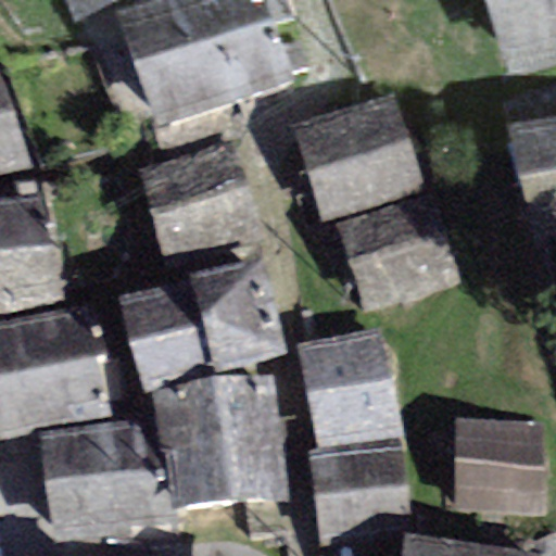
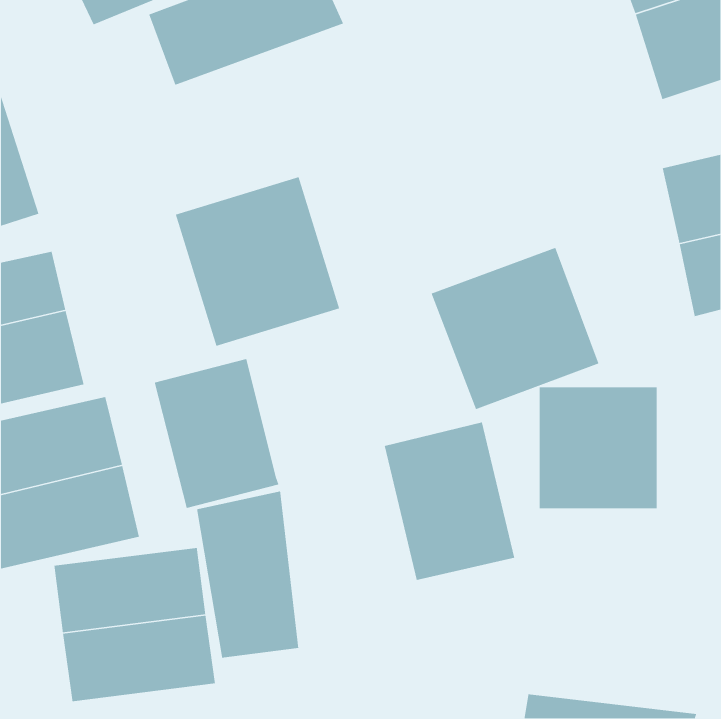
building: [135,18,289,131] -> none
building: [292,92,424,220] -> none
building: [190,260,285,367] -> none
building: [216,376,286,500] -> none
building: [454,420,545,515] -> [539,386,657,509]
building: [306,445,414,546] -> none

